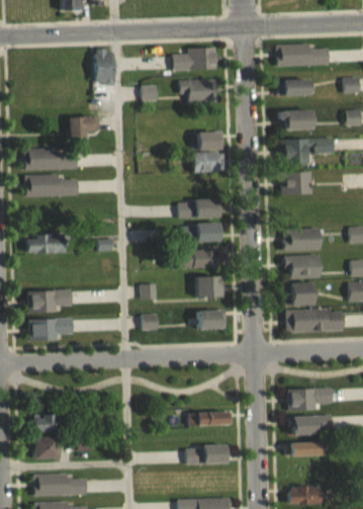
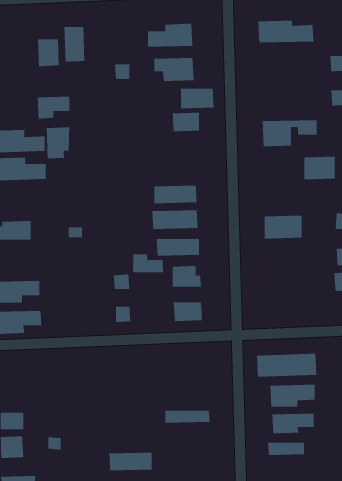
building: none -> [37,38,60,67]
building: [278,79,310,95] -> none
building: [280,109,311,130] -> none
building: none -> [46,127,70,159]
building: [192,152,224,172] -> [180,88,214,109]
building: [281,171,311,194] -> [303,156,336,180]
building: [283,254,320,278] -> none
building: none -> [132,253,164,273]
building: [284,282,312,306] -> none
building: [285,309,343,332] -> [256,353,317,378]
building: [186,445,228,463] -> [108,452,152,471]

